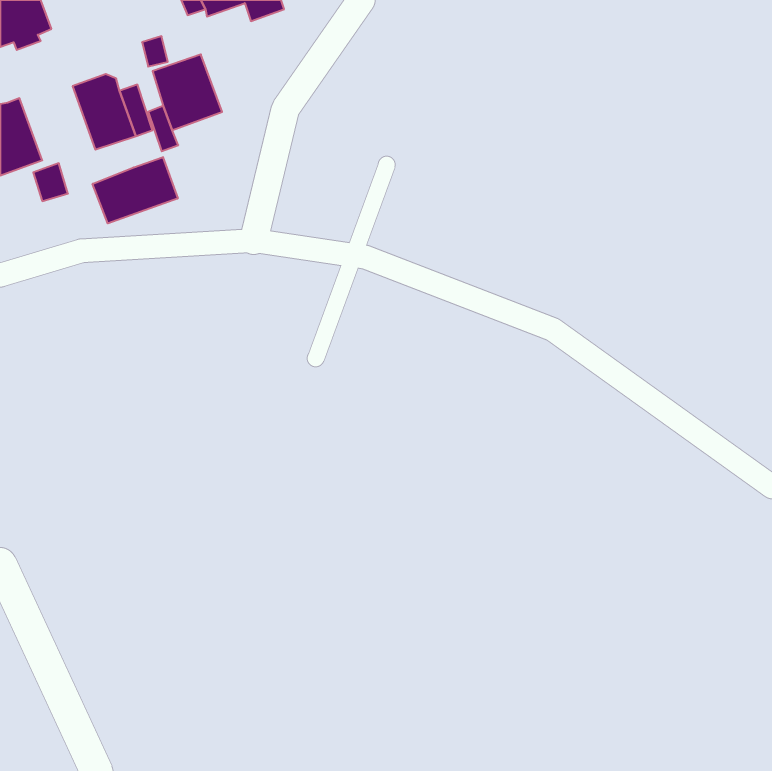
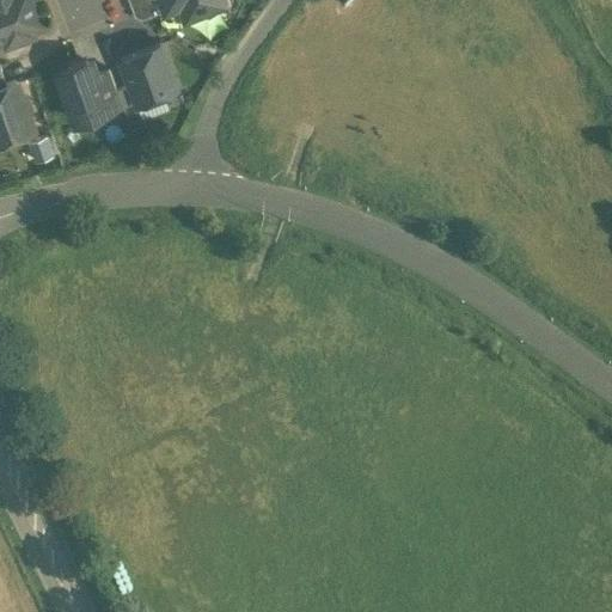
building: [93,157,178,223] -> none

